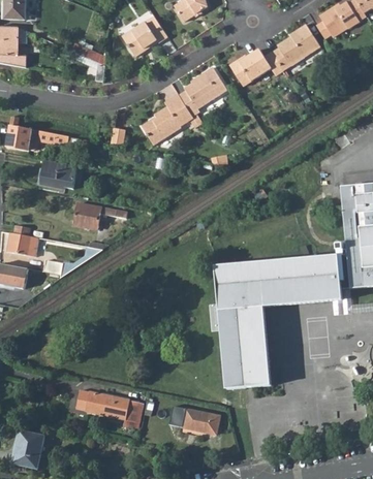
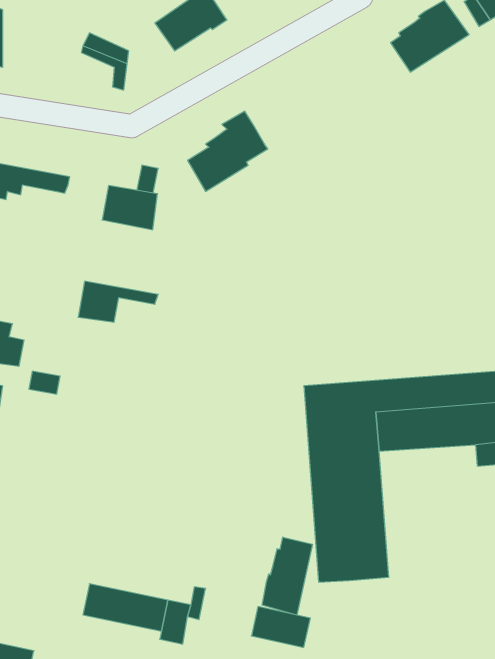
building: [229,49,283,85] -> none
building: [179,66,227,115] -> none
building: [40,159,75,187] -> [102,186,158,230]
building: none -> [262,537,312,615]

